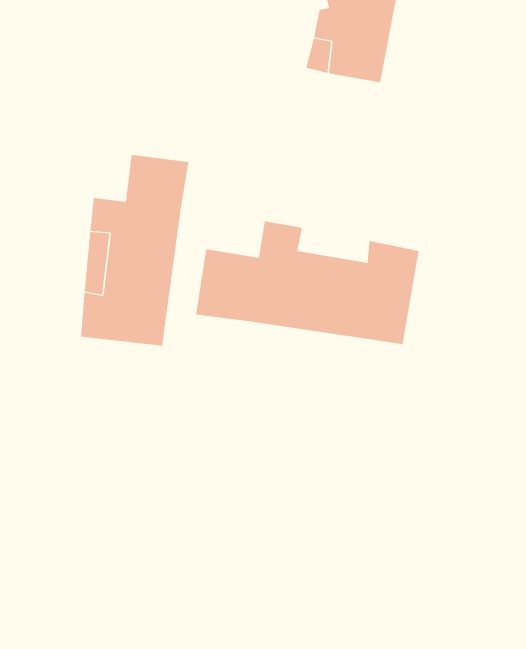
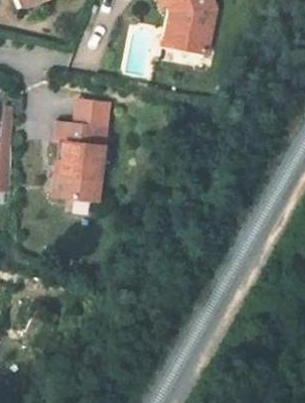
building: [195,221,419,345] -> none

